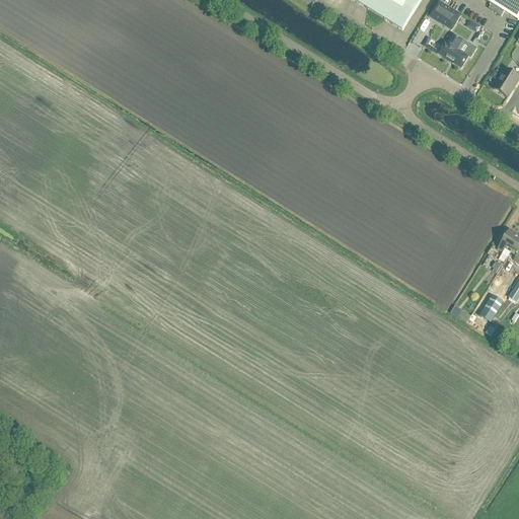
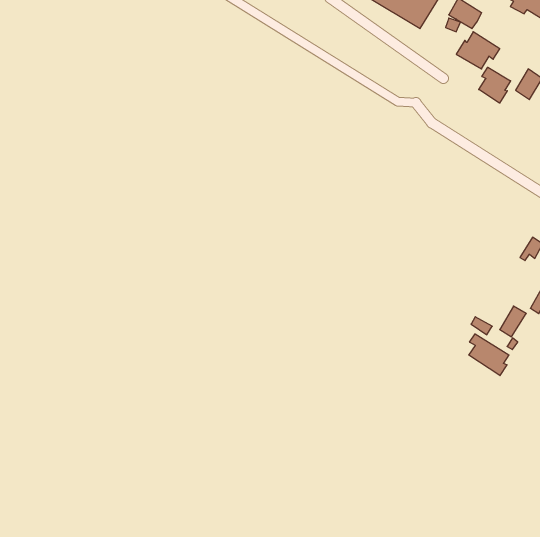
building: none -> [479,67,511,103]
building: none -> [469,334,509,376]

